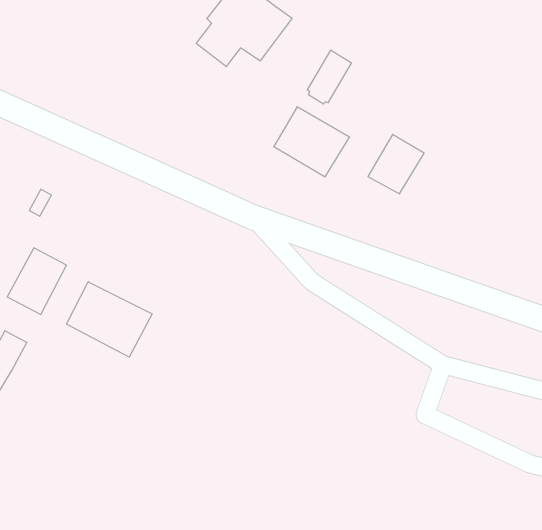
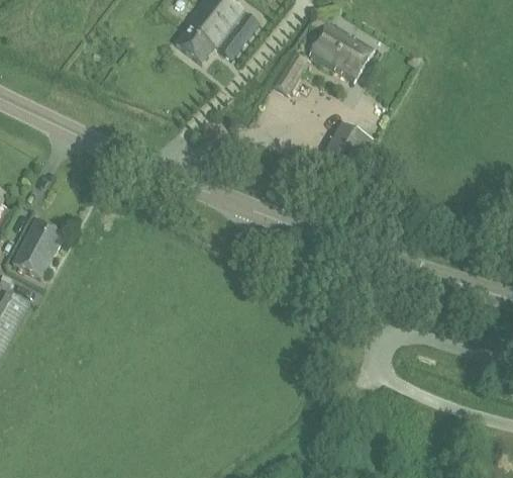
building: [274,107,350,177] -> [308,18,374,79]
building: [67,282,152,357] -> none

